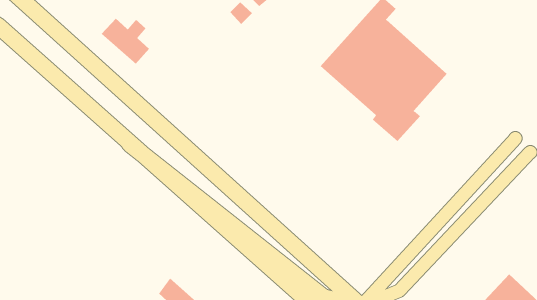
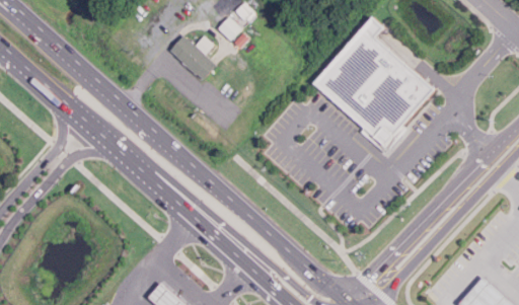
building: [101,18,150,65] -> [169,36,216,81]

